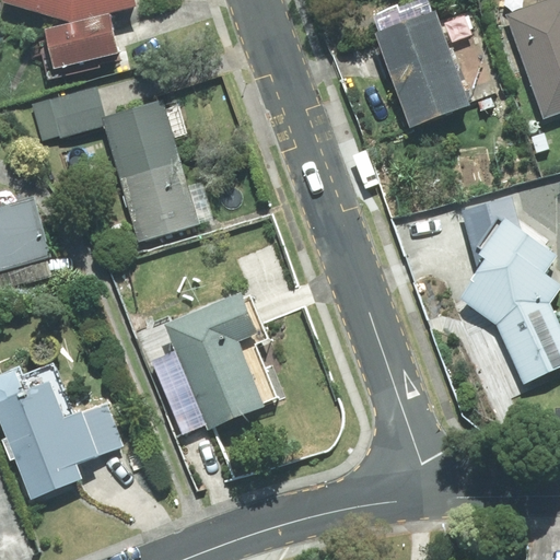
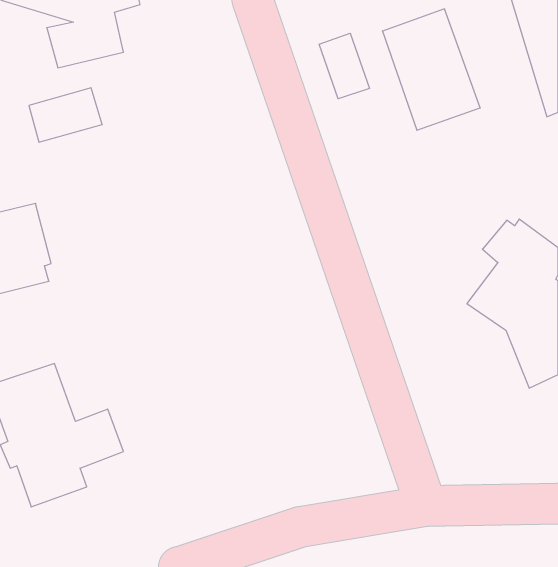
building: none -> [319,33,370,99]
building: [102,101,212,241] -> none
building: [155,290,278,432] -> none

